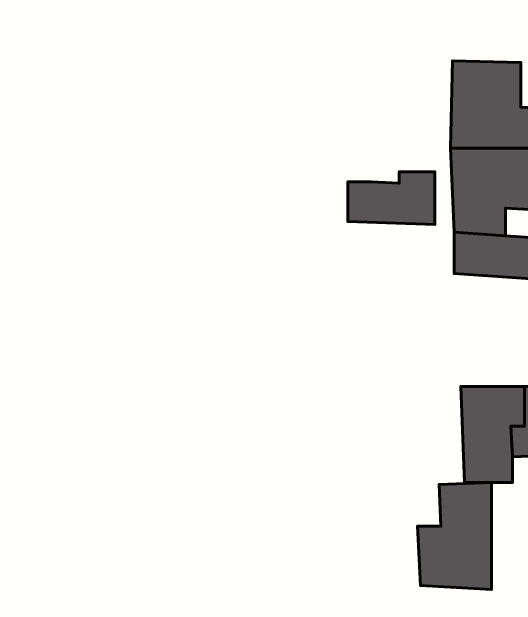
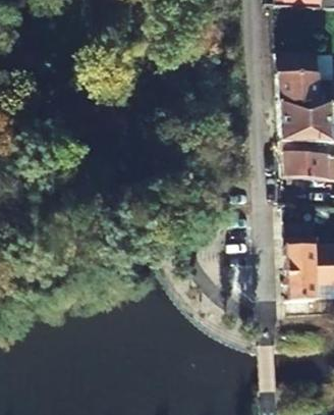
building: [348,172,435,224] -> none
building: [418,483,492,589] -> none

